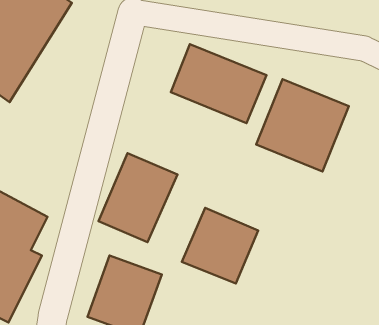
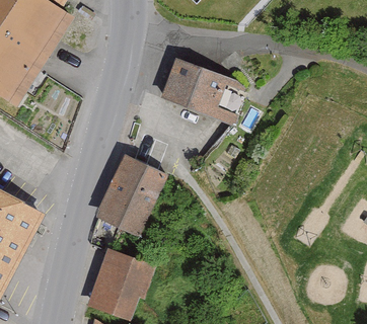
building: [256,79,349,171] -> none
building: [182,208,258,284] -> none

